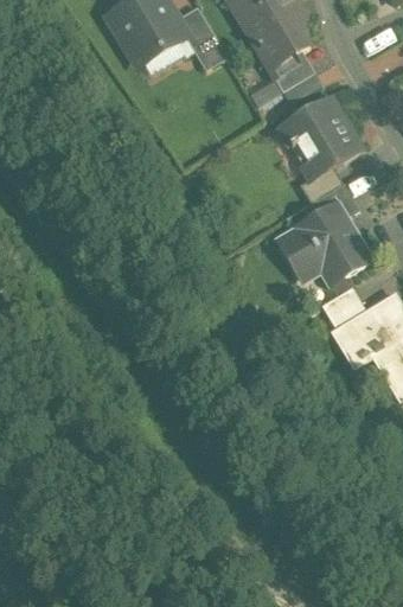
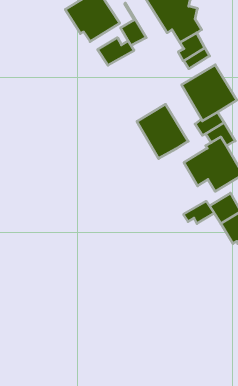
building: none -> [98,38,134,65]
building: none -> [137,104,188,159]
building: none -> [184,201,214,224]

